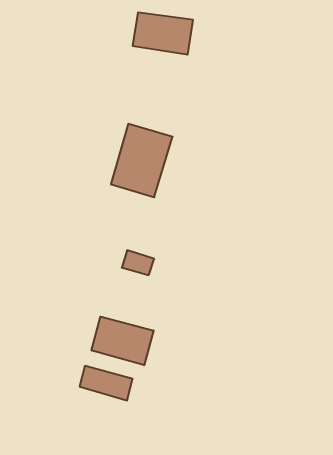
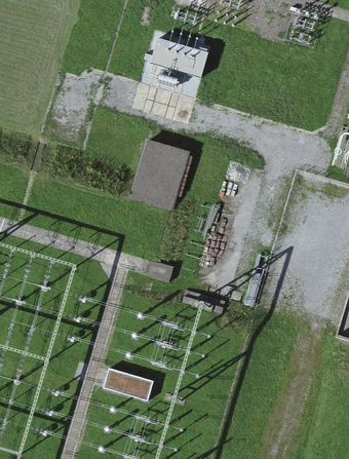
building: [92,317,154,365] -> none

